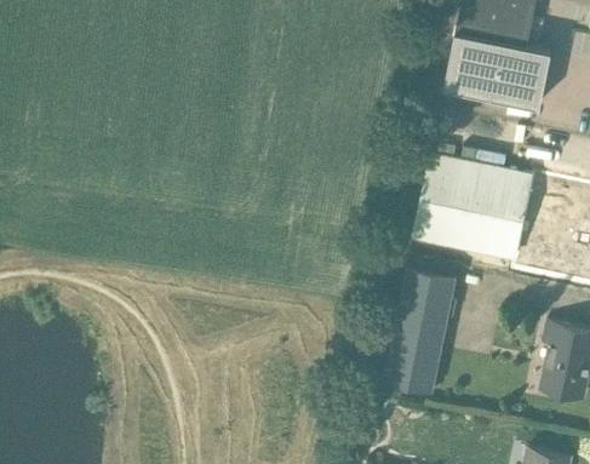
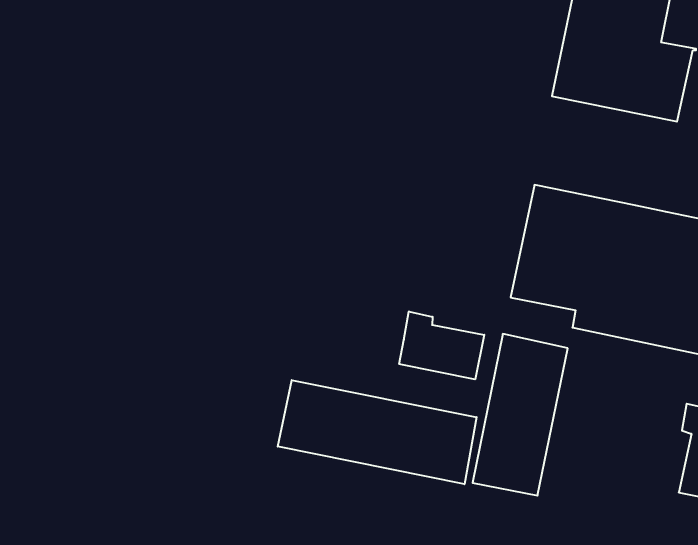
building: none -> [399,311,484,379]
building: none -> [278,380,477,484]

